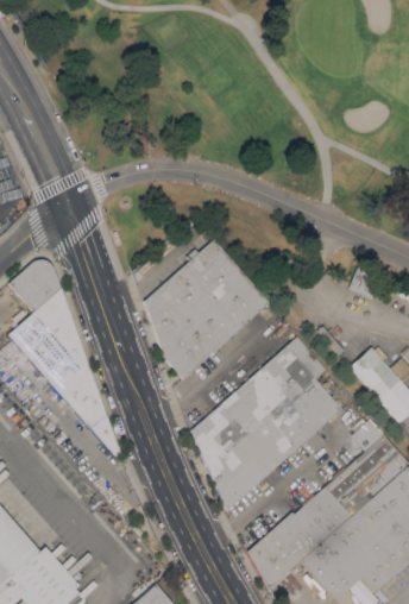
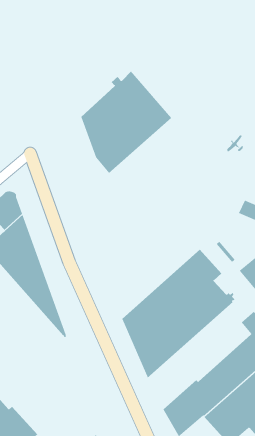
building: [144,240,266,378] -> [80,71,172,174]

